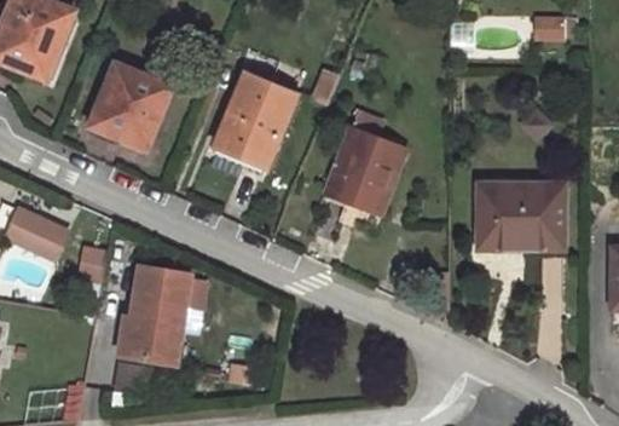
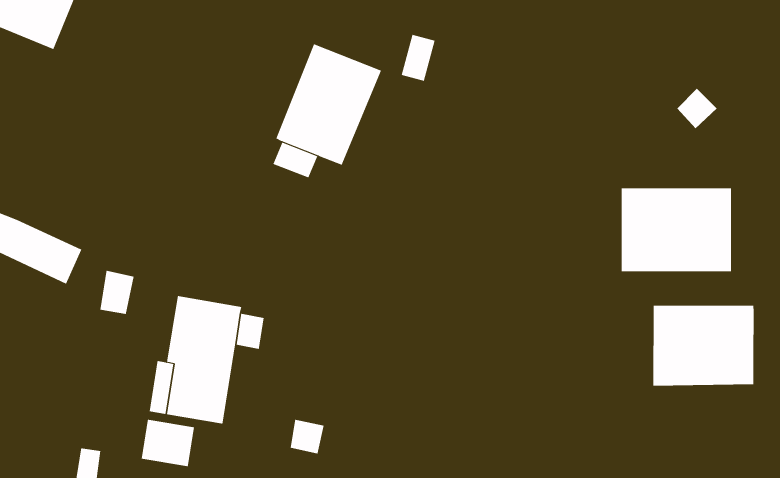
building: [88,63,170,149] -> none
building: [324,110,405,213] -> none
building: none -> [653,305,754,387]

